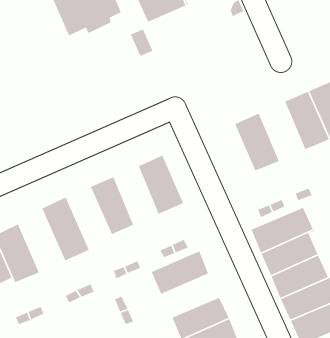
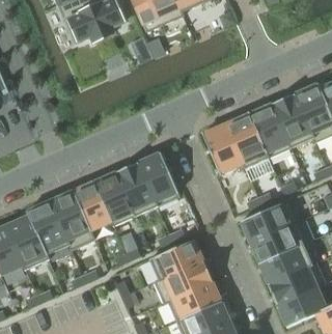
building: none -> [248,103,289,158]
building: none -> [201,123,244,173]
building: none -> [115,162,156,216]
building: none -> [72,180,113,239]
building: none -> [26,200,71,259]
building: none -> [154,260,212,302]

